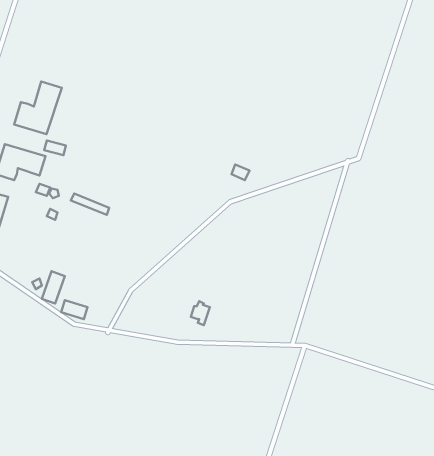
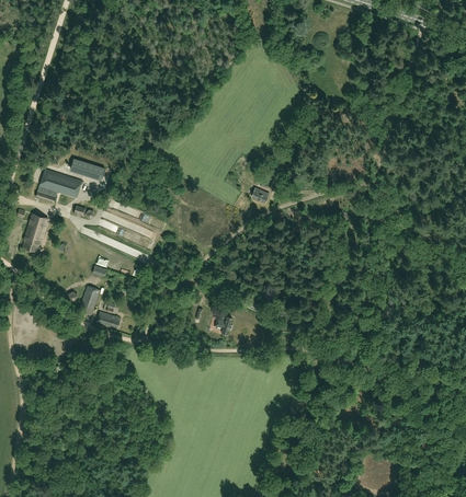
building: [14,81,62,134] -> none

